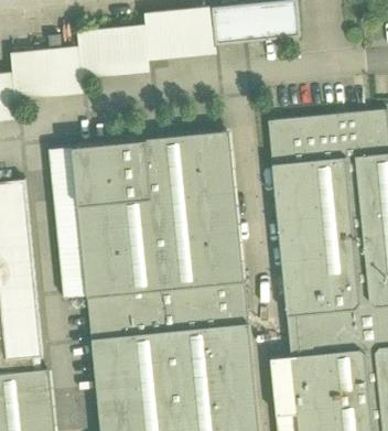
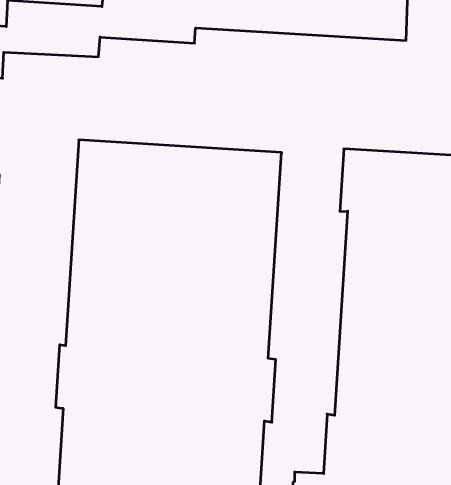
building: [50,146,93,297] -> none

